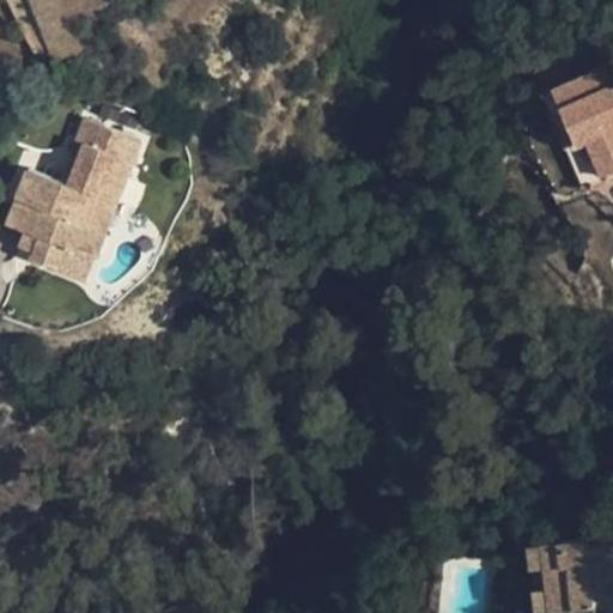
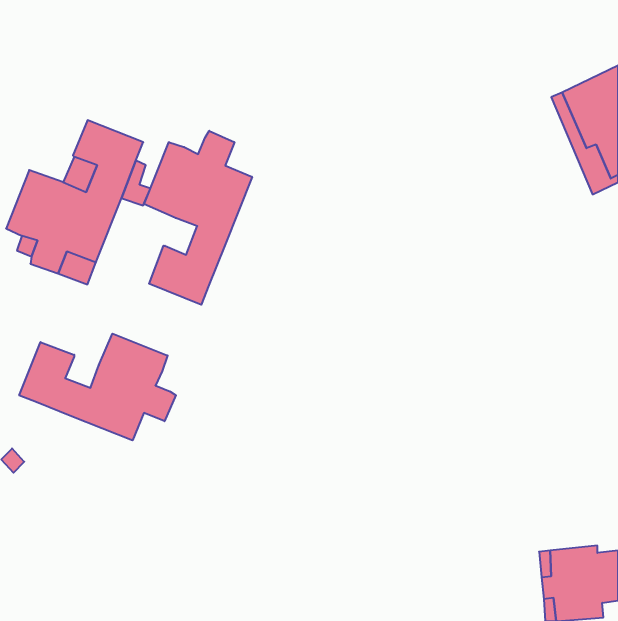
building: none -> [144,131,252,305]
building: none -> [19,334,176,440]

